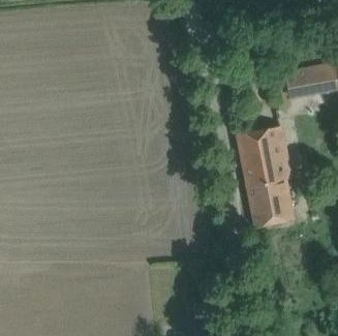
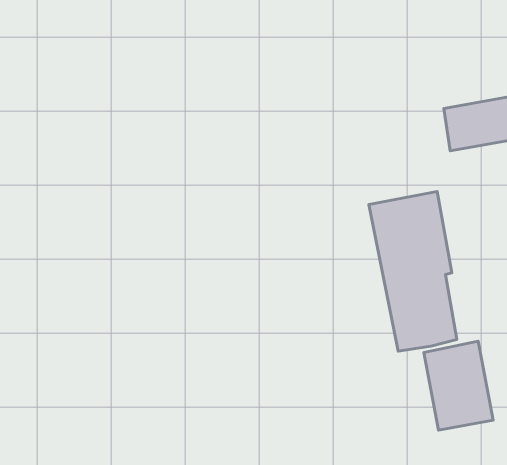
building: none -> [424,341,493,430]

